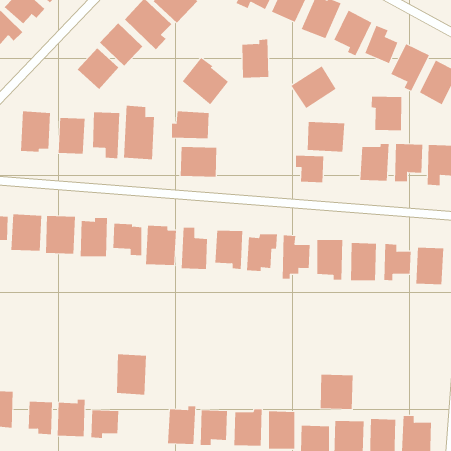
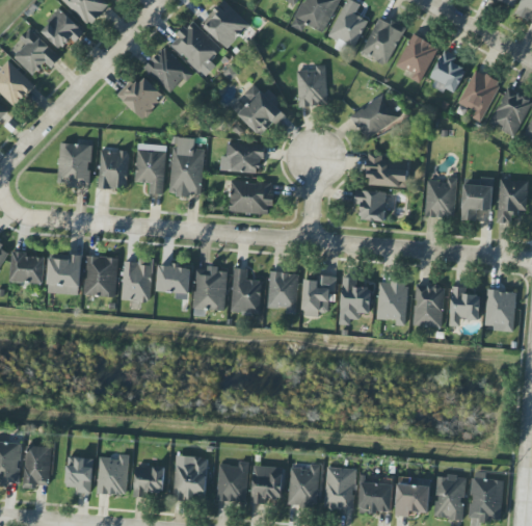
building: [371,96,402,131] -> none
building: [116,354,147,395] -> [174,455,207,500]
building: [320,374,353,410] -> none

